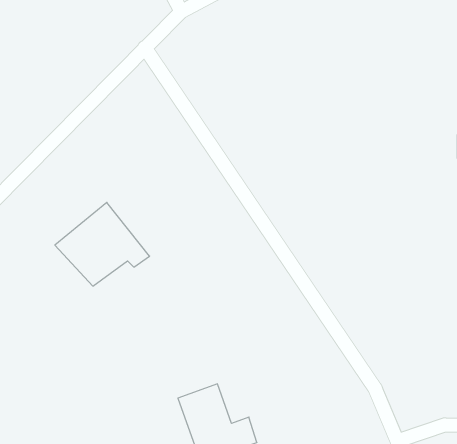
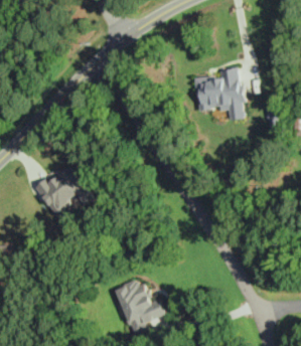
building: none -> [195,65,245,120]

